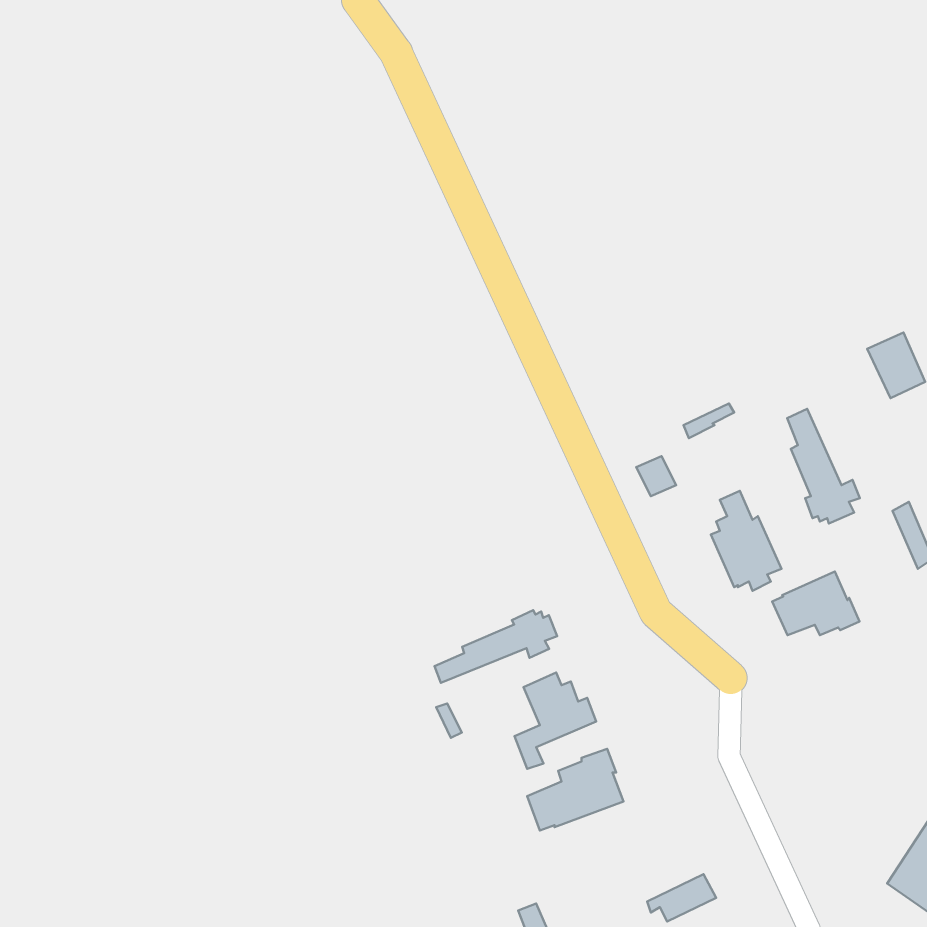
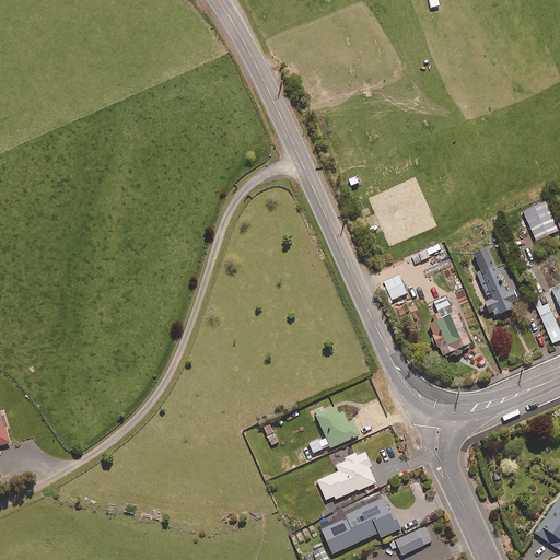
building: [772,572,860,635] -> none
building: [435,610,557,683] -> none
building: none -> [319,493,399,553]

